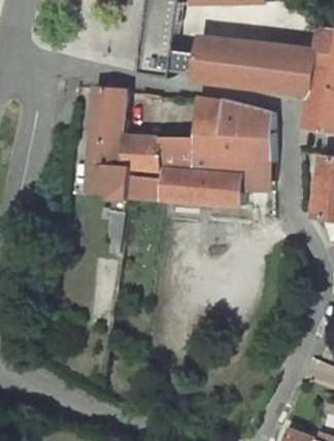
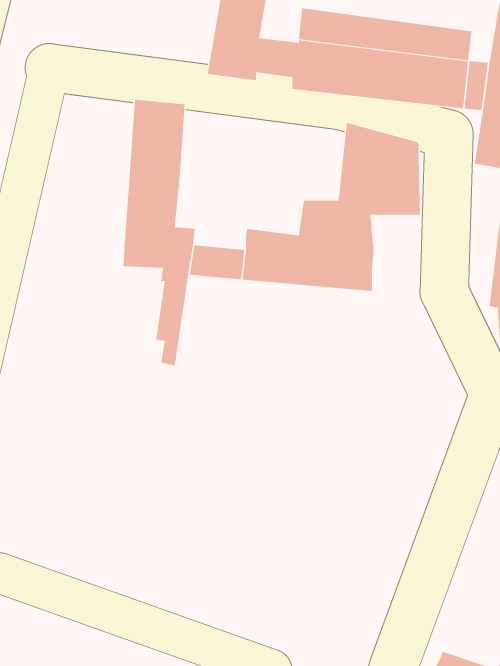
building: [116,99,223,171] -> none
building: [238,159,269,192] -> none

